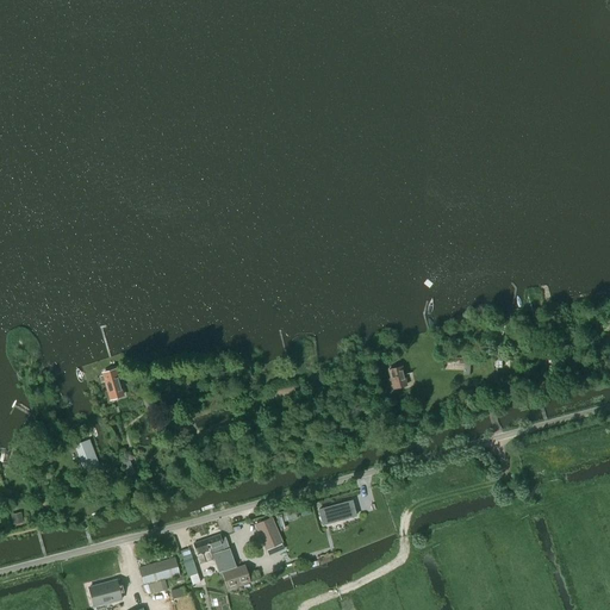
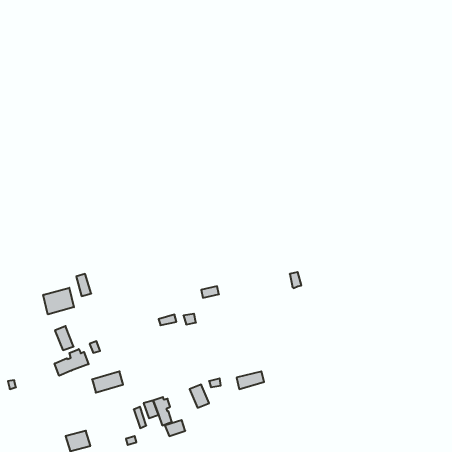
building: none -> [43,288,74,314]
building: none -> [55,349,89,376]
building: [139,556,181,585] -> [92,371,123,393]

